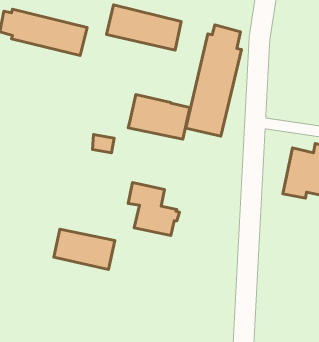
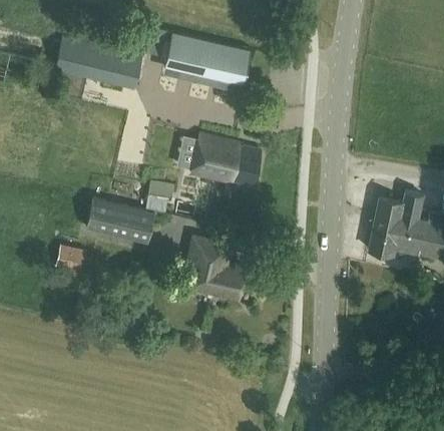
building: [186,25,241,136] -> none
building: none -> [56,245,84,272]
building: [54,229,115,269] -> [85,198,155,245]

